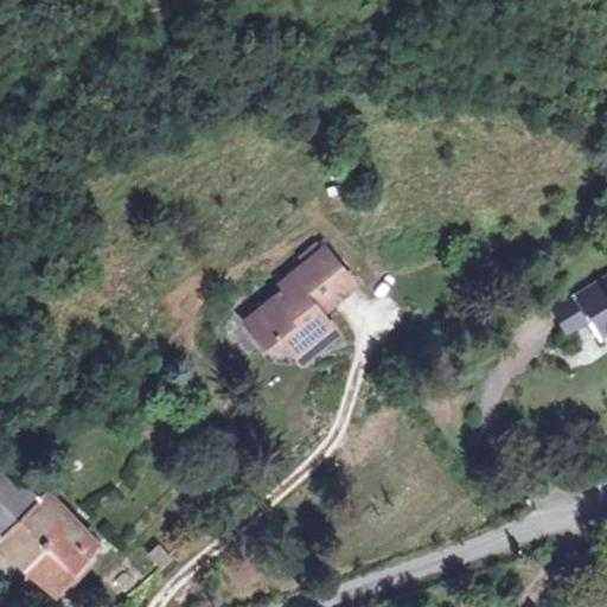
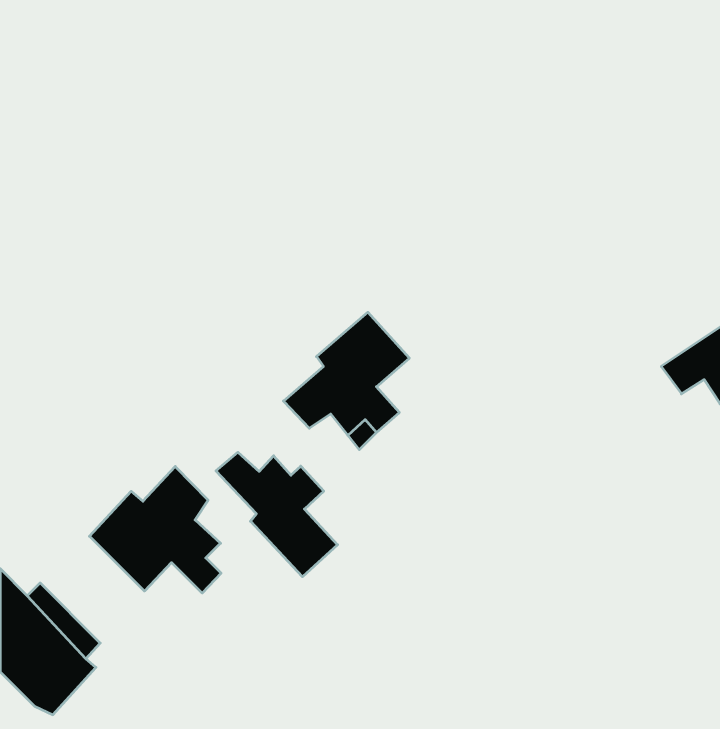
building: none -> [216,452,338,577]
building: none -> [89,466,221,593]

